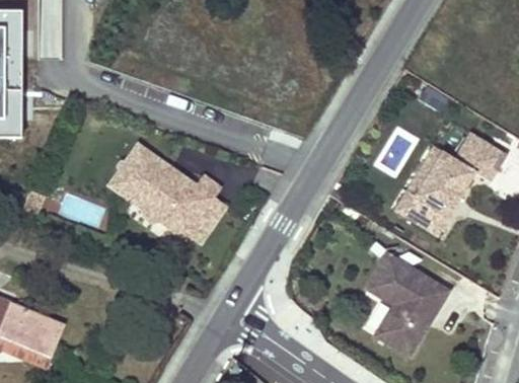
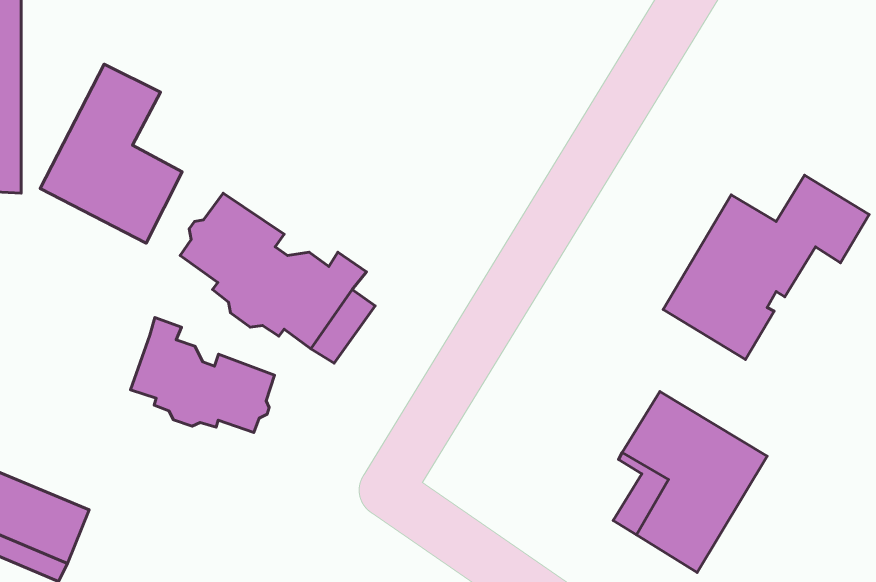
building: none -> [40,64,182,243]
building: none -> [131,318,275,433]

